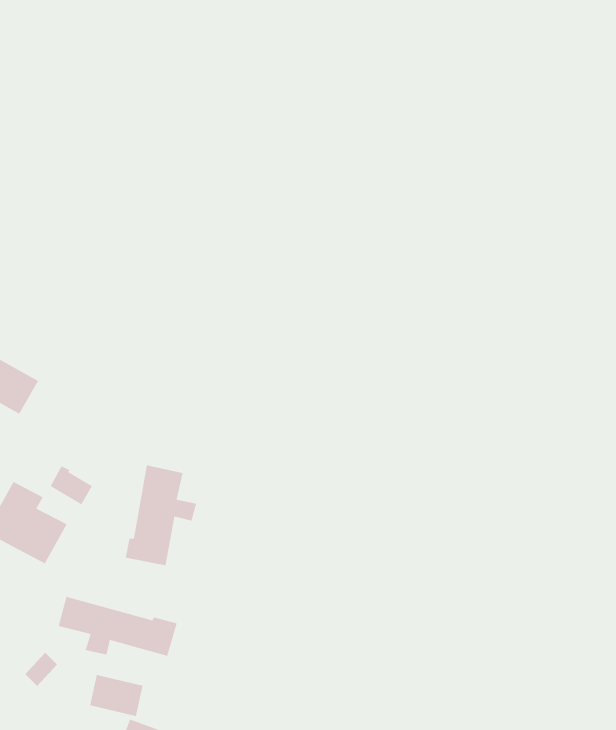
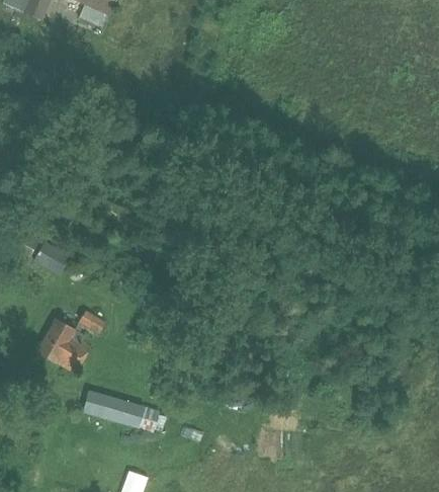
building: [125,464,197,566] -> none
building: [89,674,143,717] -> none

